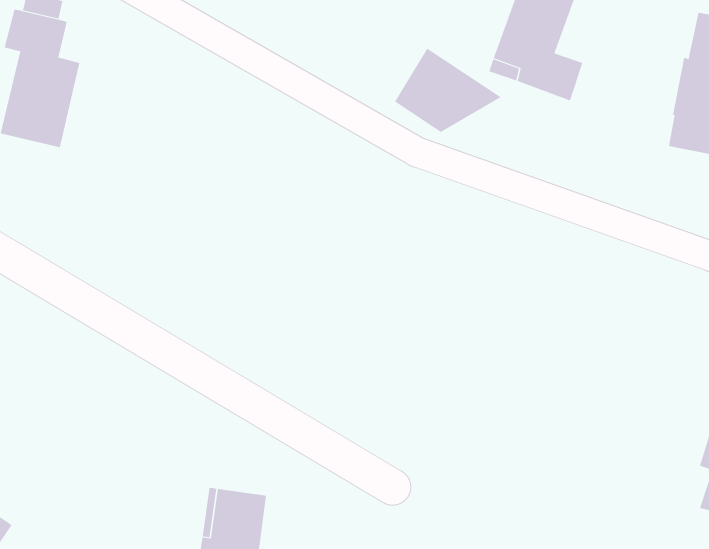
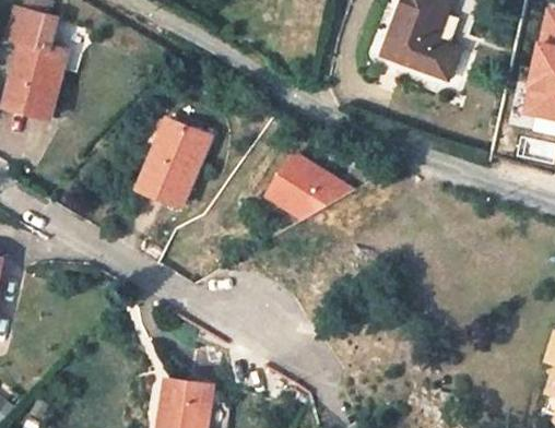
building: [394,48,502,133] -> [270,153,353,218]
building: none -> [137,119,210,206]

